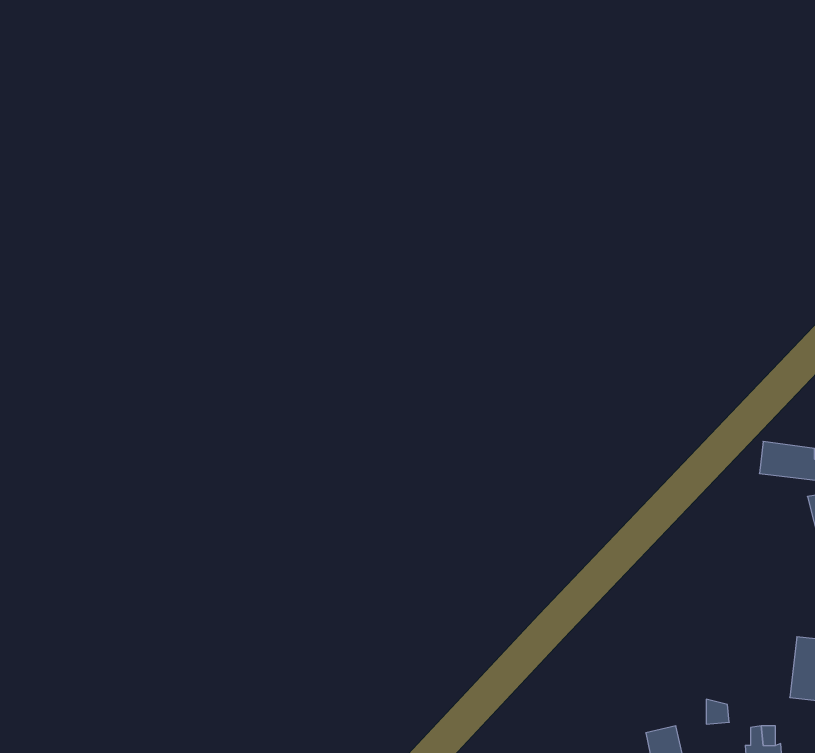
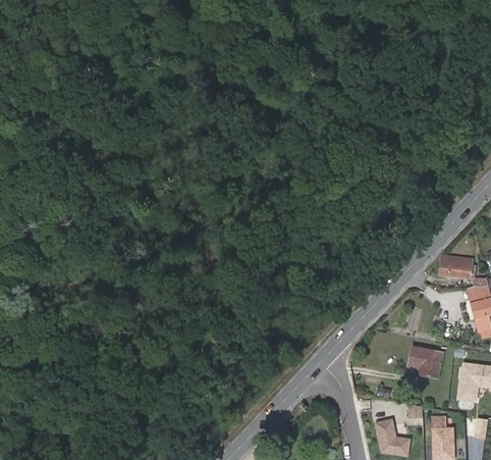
building: none -> [410,347,442,376]

